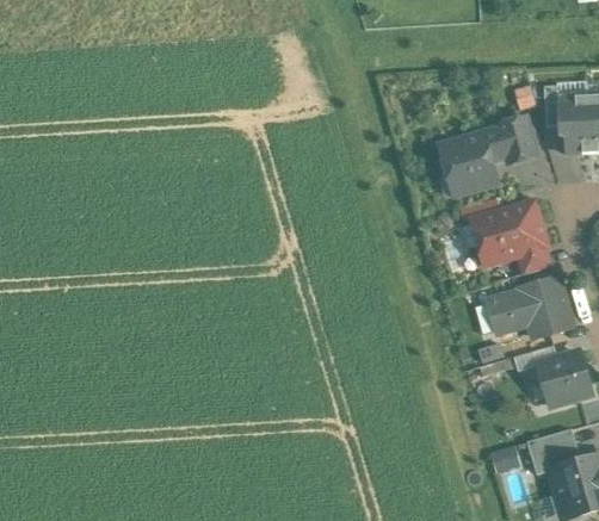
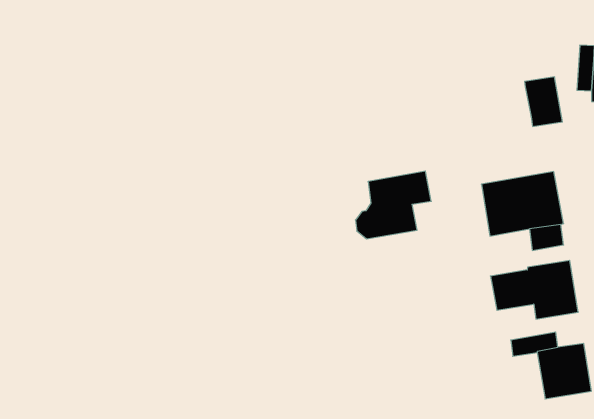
building: [443,129,508,196] -> [355,171,431,239]

